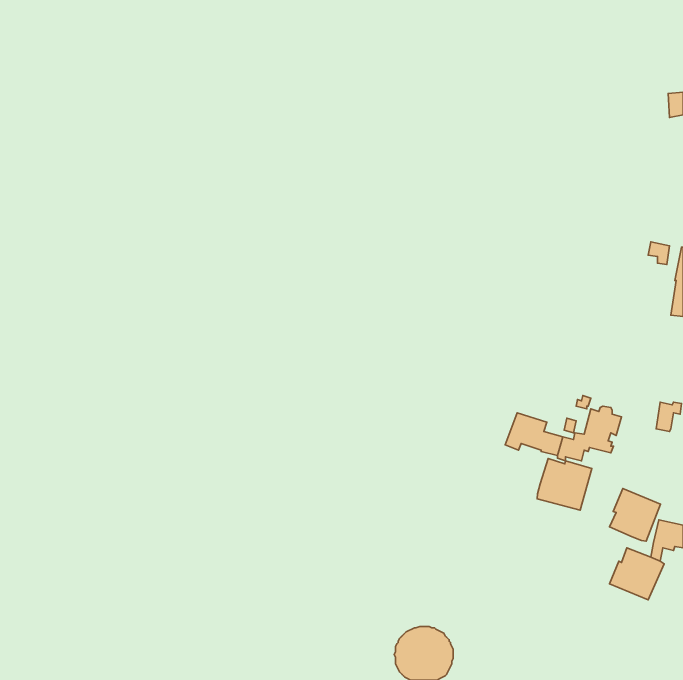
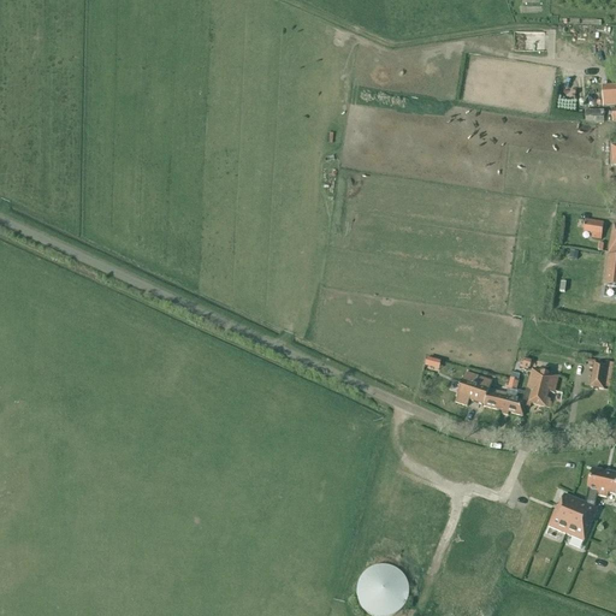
building: [537,458,592,510] -> none
building: [609,489,660,541] -> none

